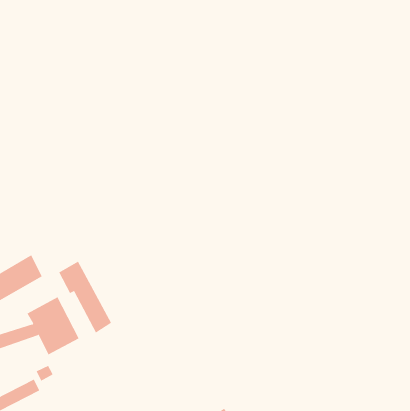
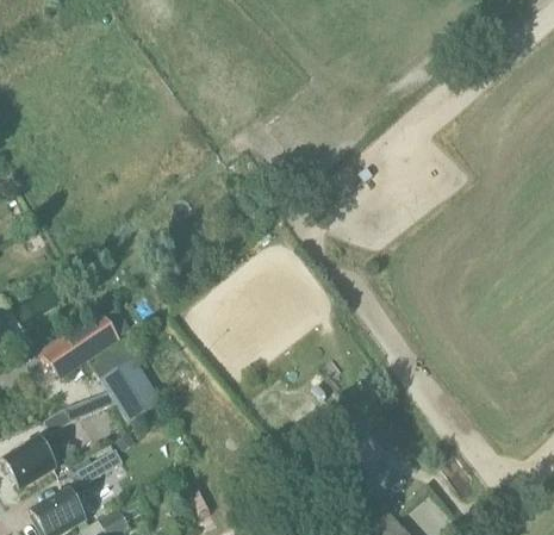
building: [59,261,112,334] -> none

